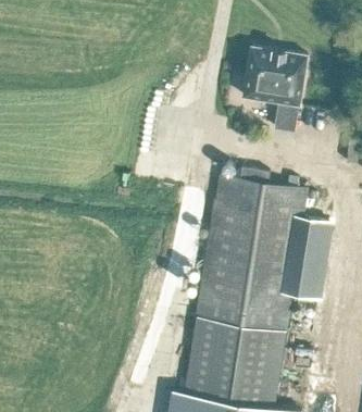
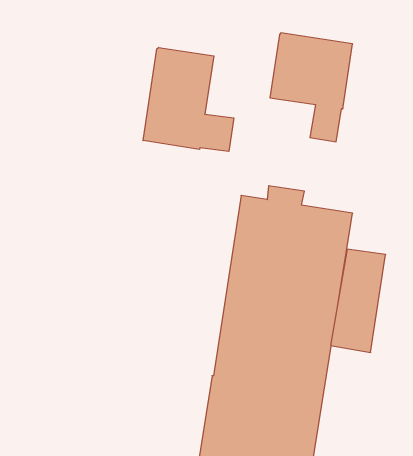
building: none -> [143,47,234,151]

